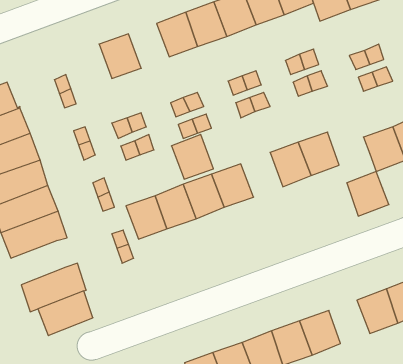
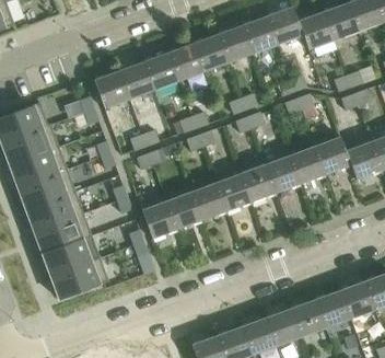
building: none -> [143,53,178,91]
building: none -> [93,70,129,109]
building: [171,134,213,179] -> [240,163,276,201]
building: [347,172,389,216] -> [314,136,350,174]
building: [38,291,93,336] -> [43,239,90,277]
building: none -> [315,290,350,327]

